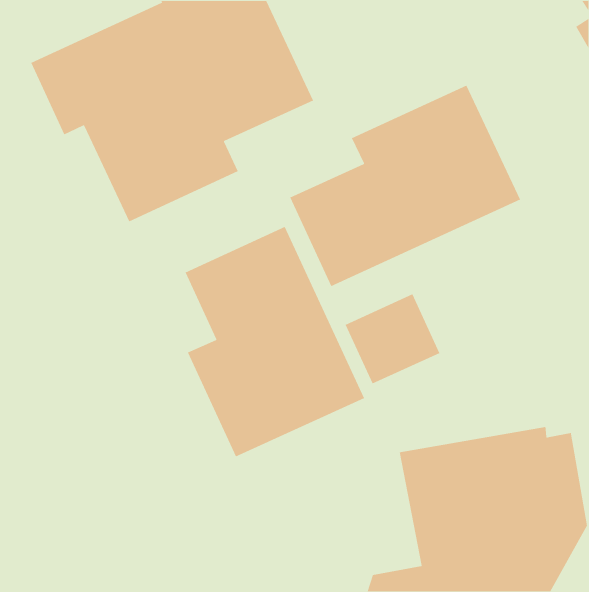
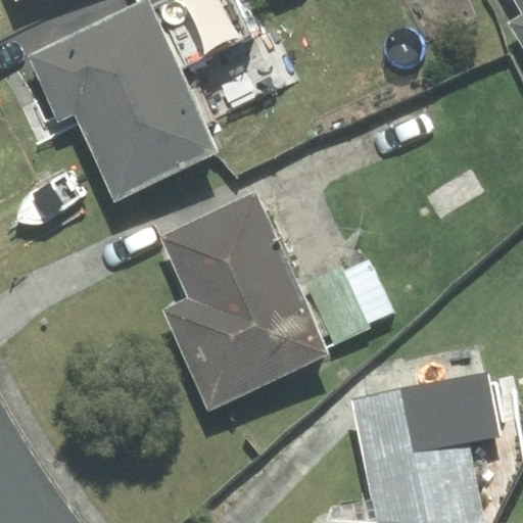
building: [289,84,521,287] -> none

